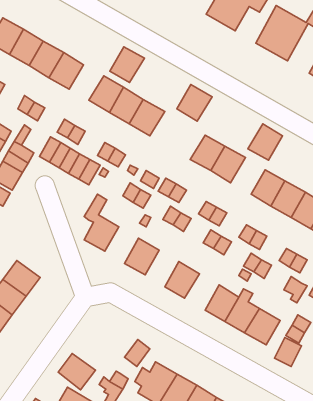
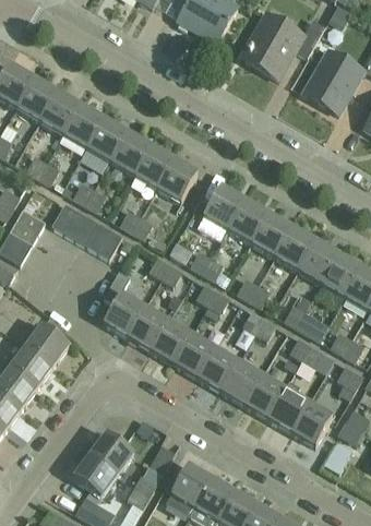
building: [110,47,145,82] -> [86,119,127,160]
building: [177,84,212,121] -> [203,187,244,229]
building: [248,124,282,160] -> [274,227,314,270]
building: none -> [128,308,167,350]
building: none -> [25,325,69,367]
building: none -> [175,335,214,378]
building: none -> [220,362,261,405]
building: none -> [89,433,133,475]

